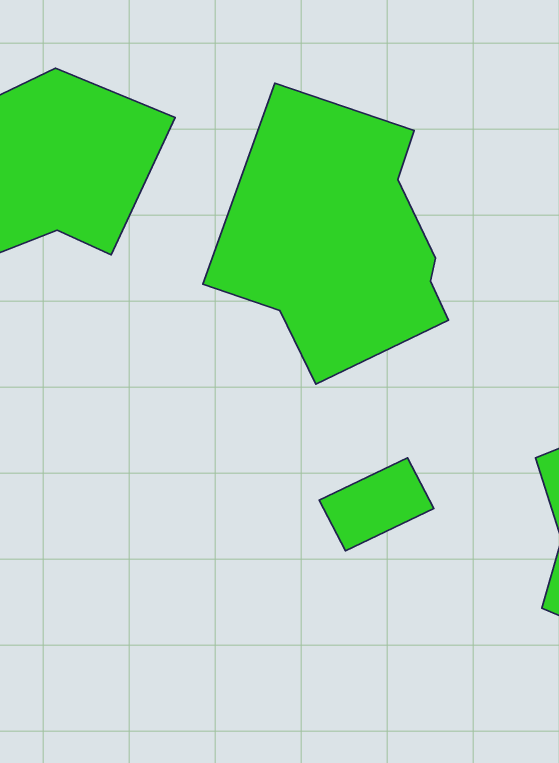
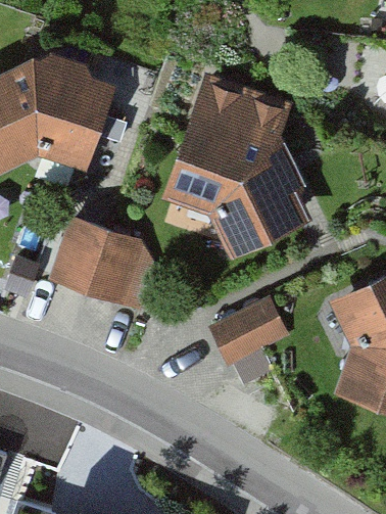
building: none -> [49,221,163,320]

